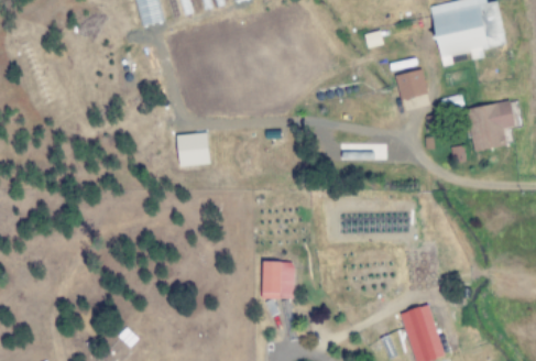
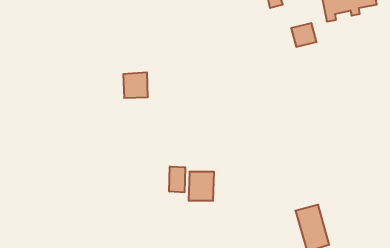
building: [467,100,515,150] -> none
building: none -> [169,166,185,192]

